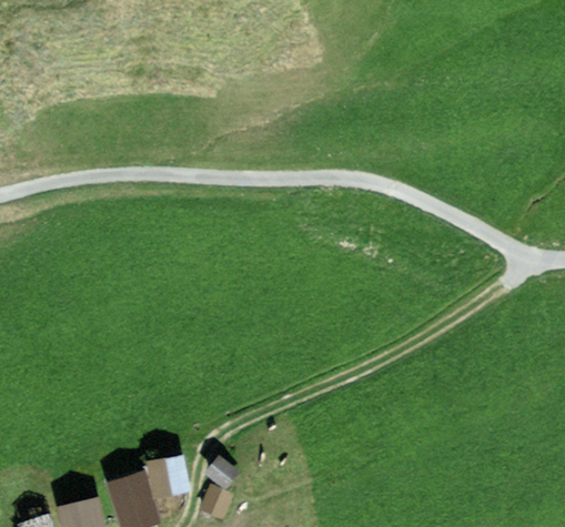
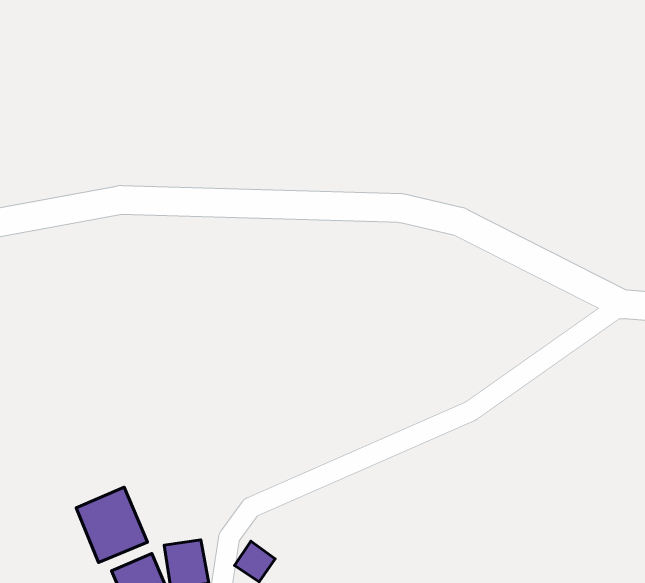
building: none -> [76,487,147,562]

